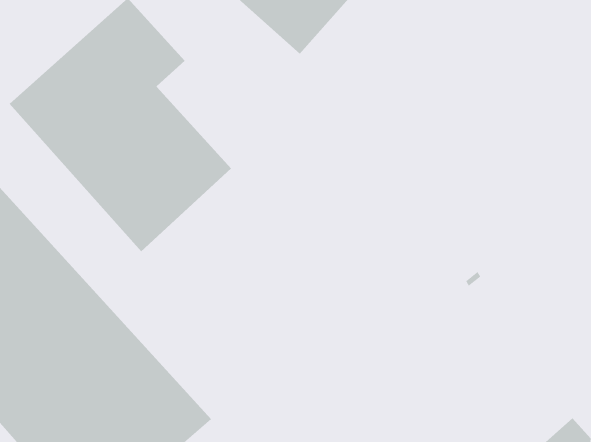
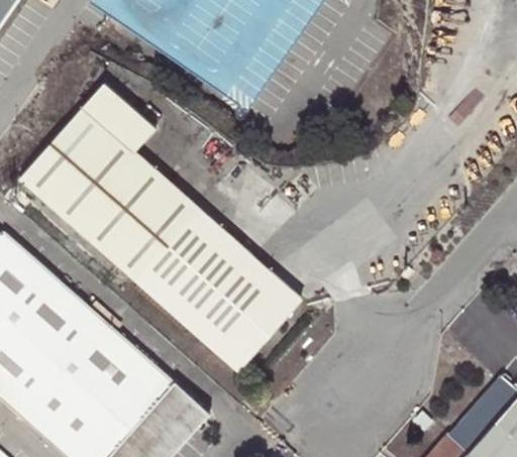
building: none -> [137,209,303,371]

